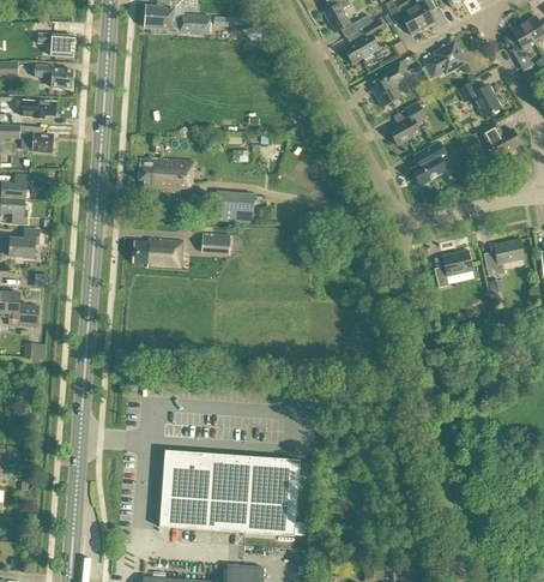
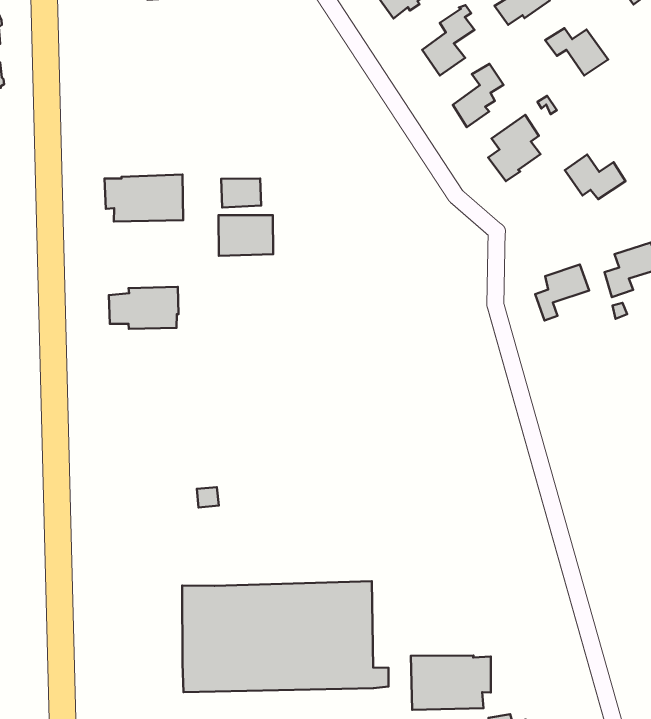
building: [478,121,520,154] -> [565,154,625,199]
building: [201,232,230,253] -> [221,179,261,208]
building: none -> [411,656,491,710]

